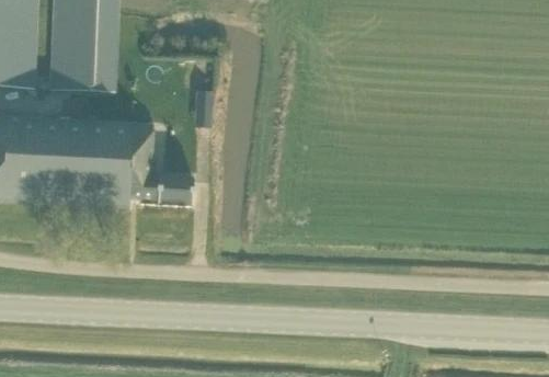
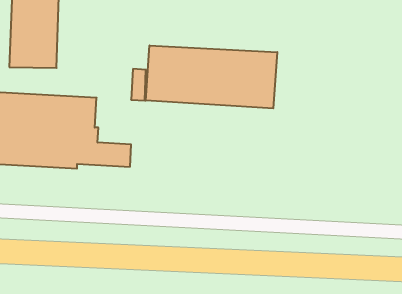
building: none -> [146,45,277,108]

